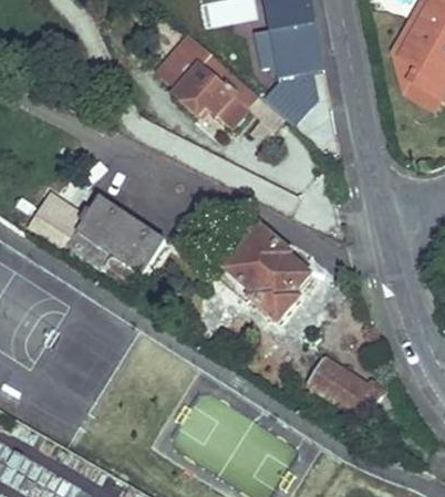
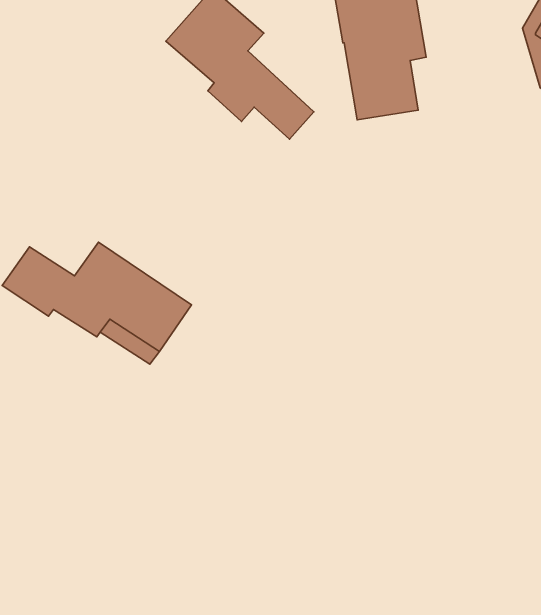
building: [221,225,311,318] -> none
building: [307,354,380,416] -> none

